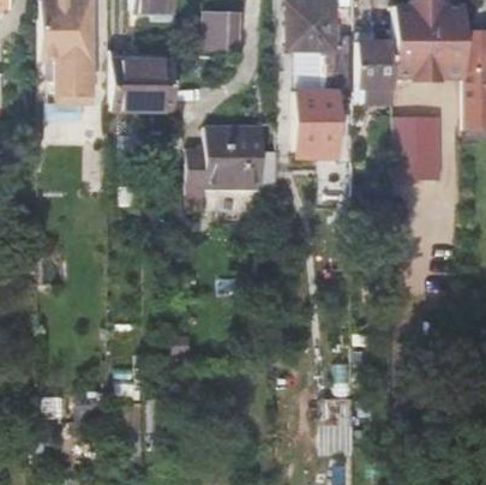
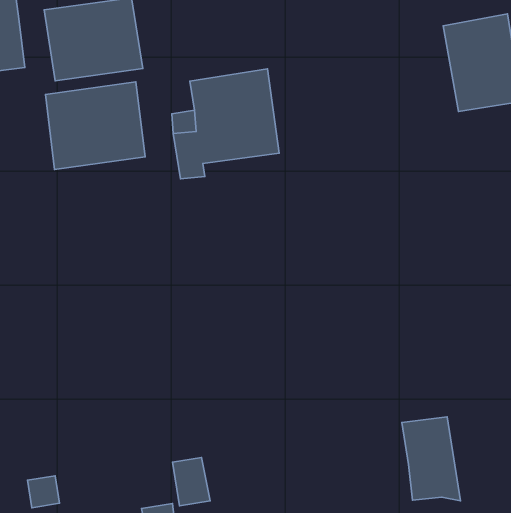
building: [294,92,338,154] -> none
building: none -> [46,82,145,170]

